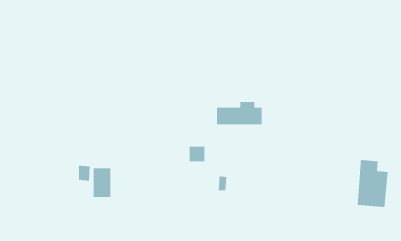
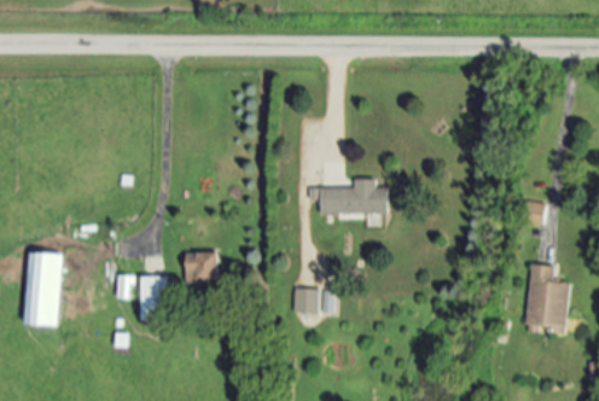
building: [189,146,205,162] -> [293,289,318,313]
building: none -> [185,251,219,281]
building: none -> [23,252,60,326]

